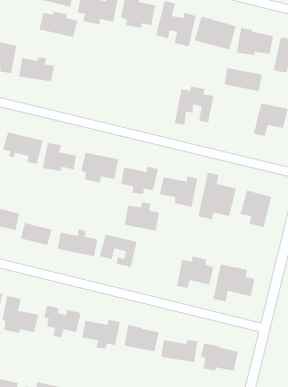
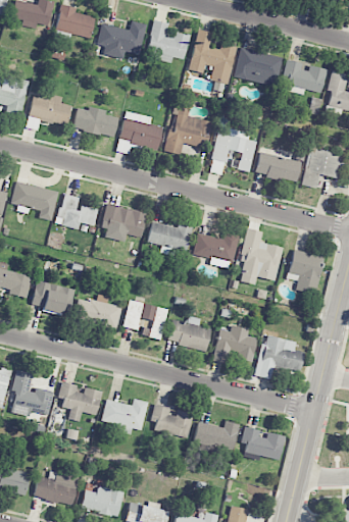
building: [39,10,78,38] -> [72,106,118,138]
building: none -> [166,105,211,155]
building: [223,67,263,92] -> [255,153,301,181]
building: none -> [116,111,162,154]
building: [124,201,160,231] -> [168,316,210,351]

